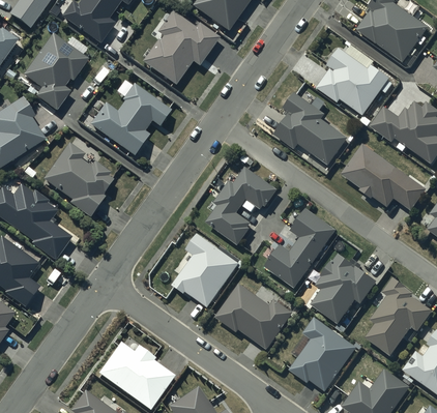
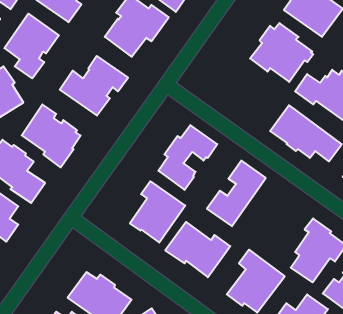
building: [274,92,348,165] -> none
building: [311,254,377,324] -> none

